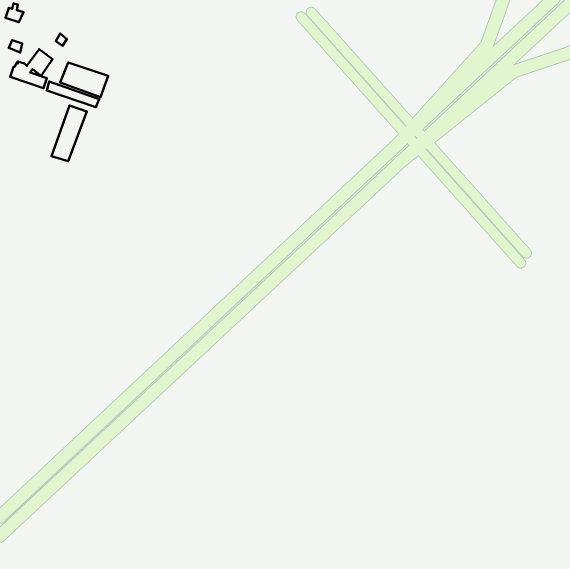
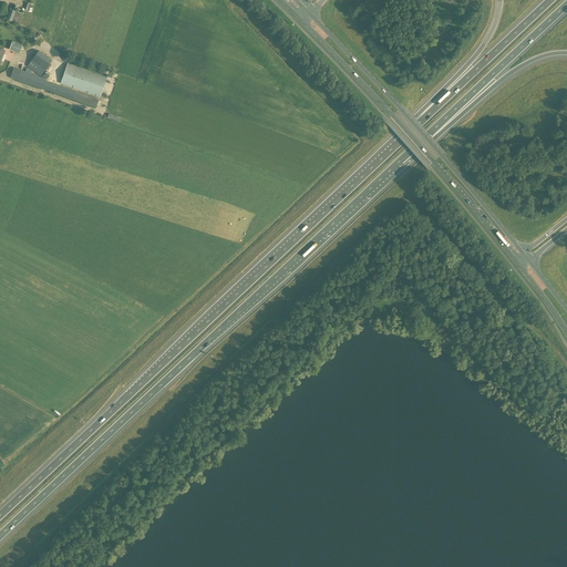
building: [51,105,87,161] -> none

